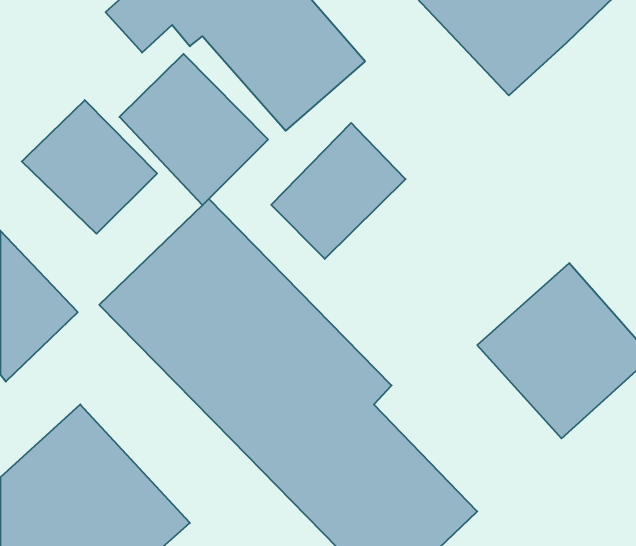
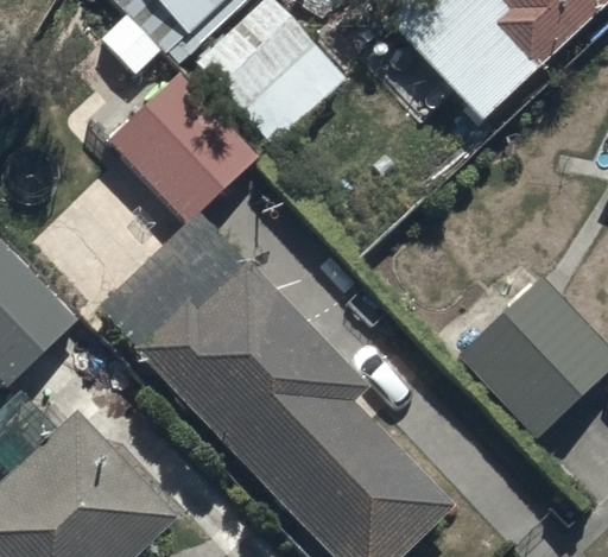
building: [22,100,157,234] -> none
building: [271,123,406,259] -> none

